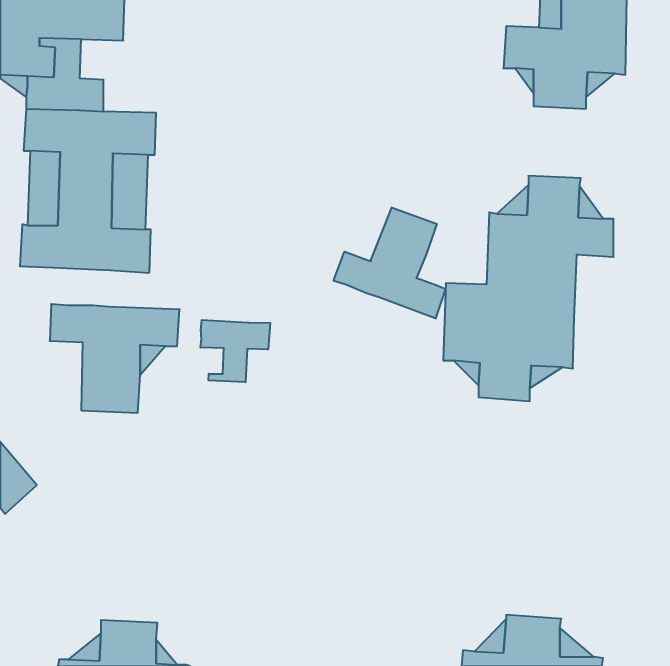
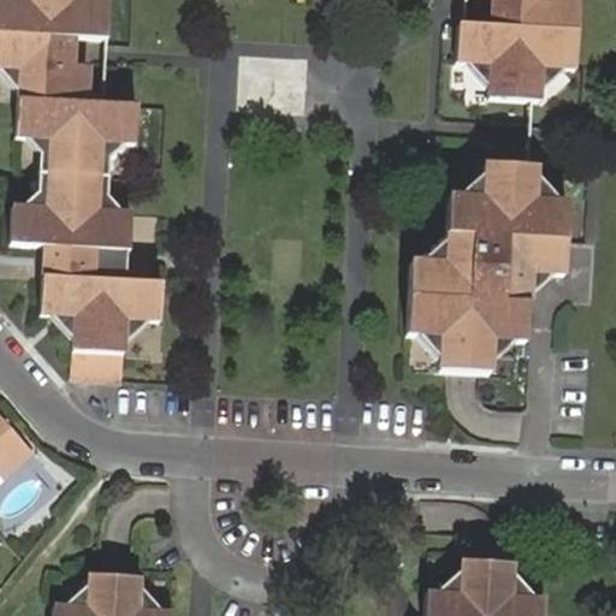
building: [334,207,446,319] -> none
building: none -> [527,233,563,292]
building: none -> [47,245,101,282]
building: [201,320,270,382] -> none

